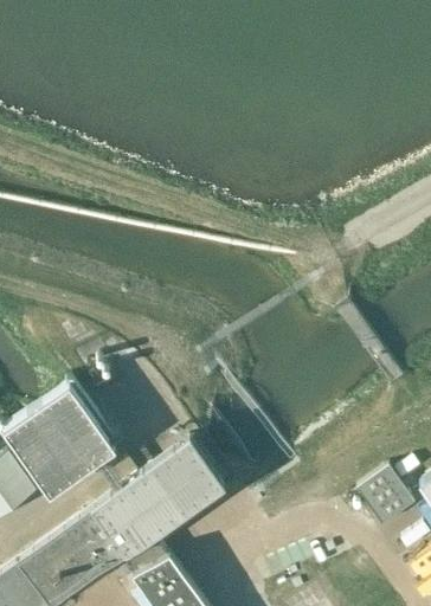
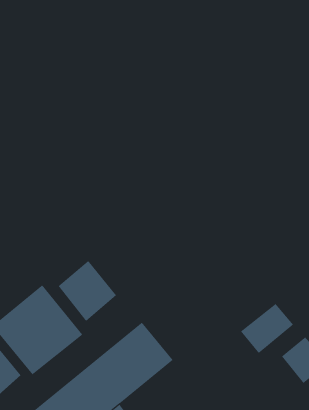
building: none -> [58,260,117,322]
building: none -> [240,303,294,354]

